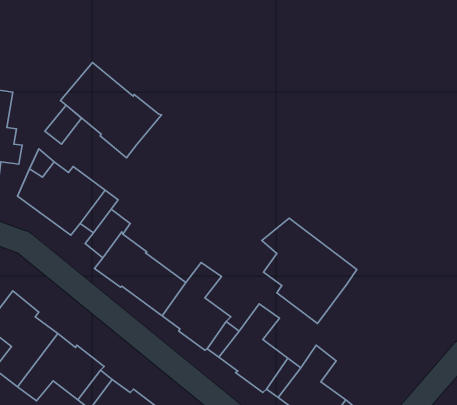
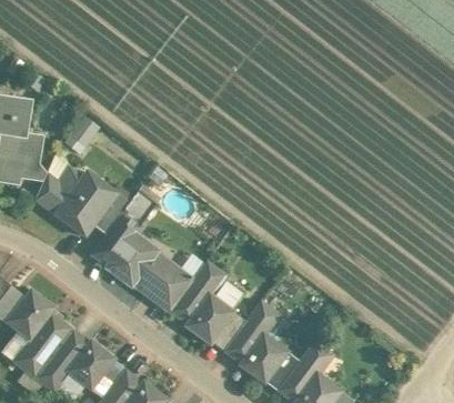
building: [60,63,162,158] -> none
building: [262,218,357,324] -> none

